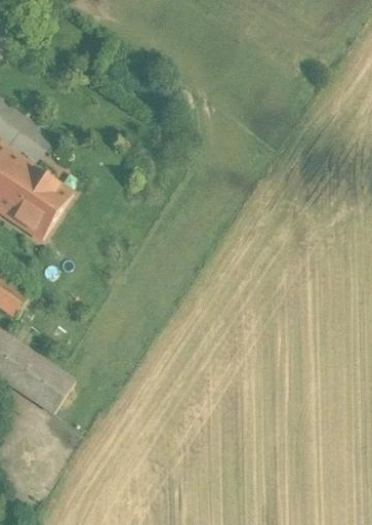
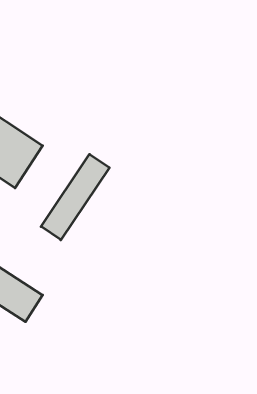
building: none -> [41,154,109,240]

